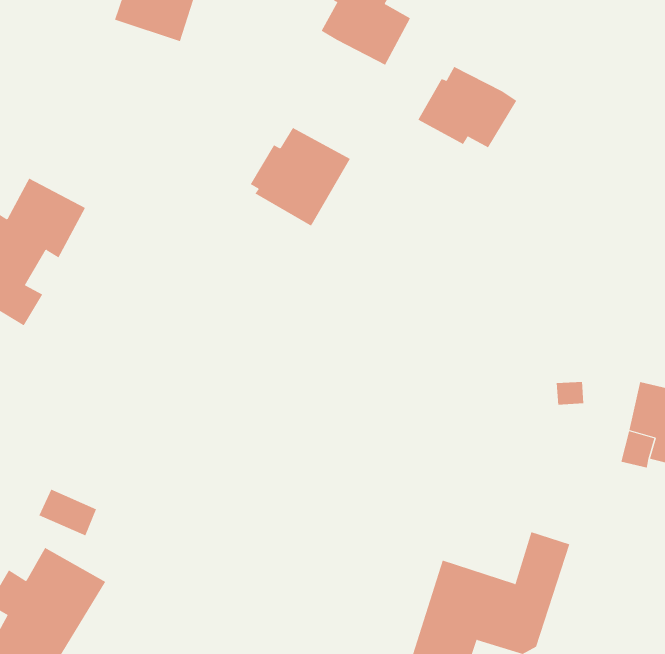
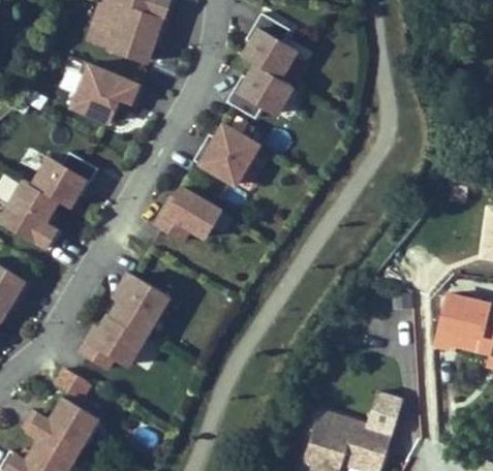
building: none -> [68,64,140,129]
building: [418,66,517,148] -> [226,68,291,122]
building: none -> [163,187,220,243]
building: none -> [78,271,171,370]

